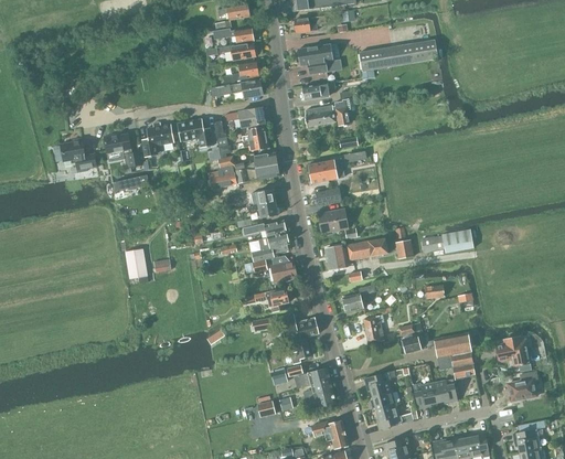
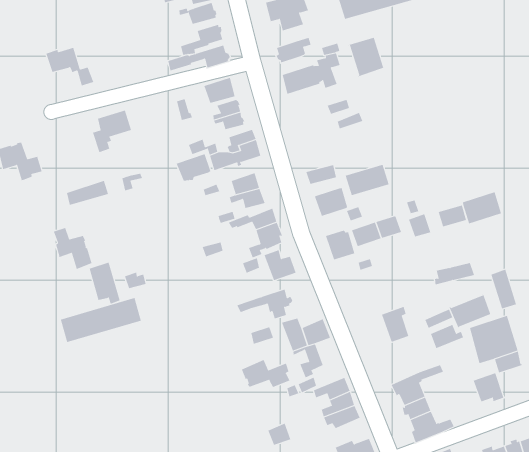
building: none -> [347,36,386,77]
building: [178,118,213,147] -> none
building: [104,134,141,167] -> [45,47,94,86]
building: [308,159,344,182] -> [345,164,390,196]
building: none -> [53,227,92,270]
building: none -> [60,297,141,343]
building: [342,284,375,312] -> none
building: none -> [449,293,492,329]
building: none -> [241,359,290,388]
building: [413,382,437,408] -> none

